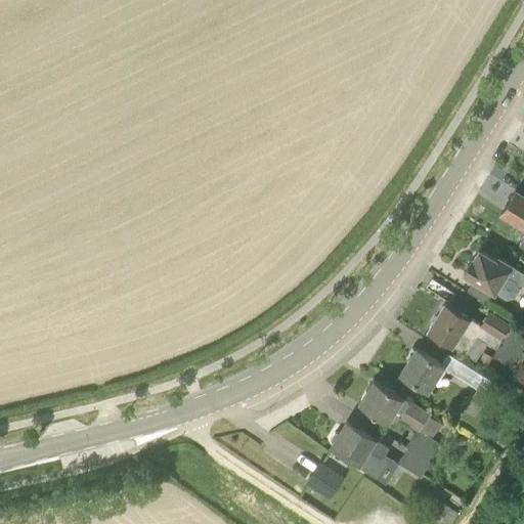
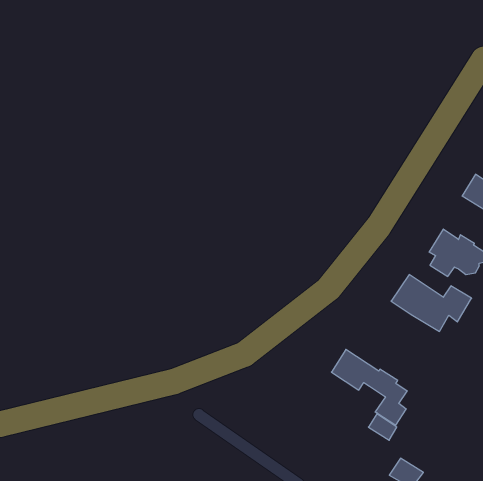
building: [401,349,491,395] -> none
building: [326,418,389,479] -> none
building: [308,465,343,498] -> none

